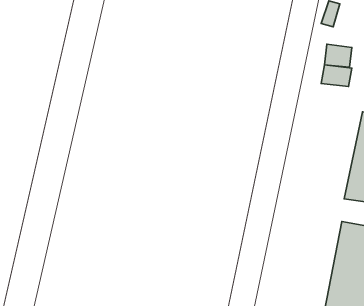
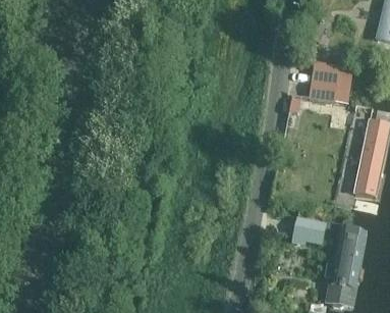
building: none -> [293,214,326,243]

